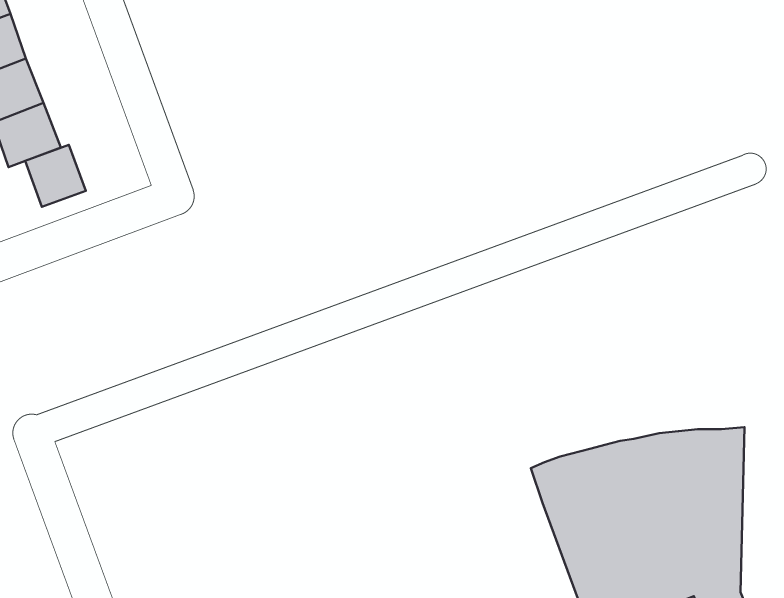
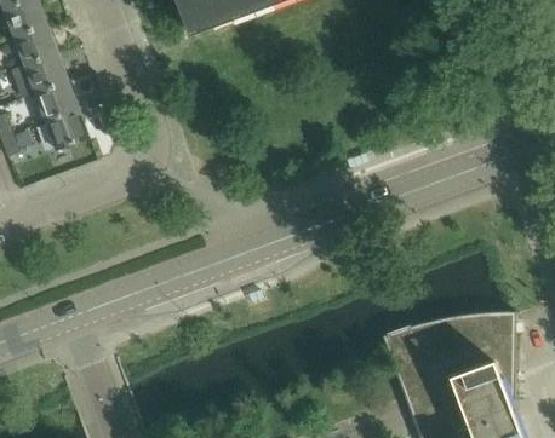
building: [25,145,86,207] -> none

